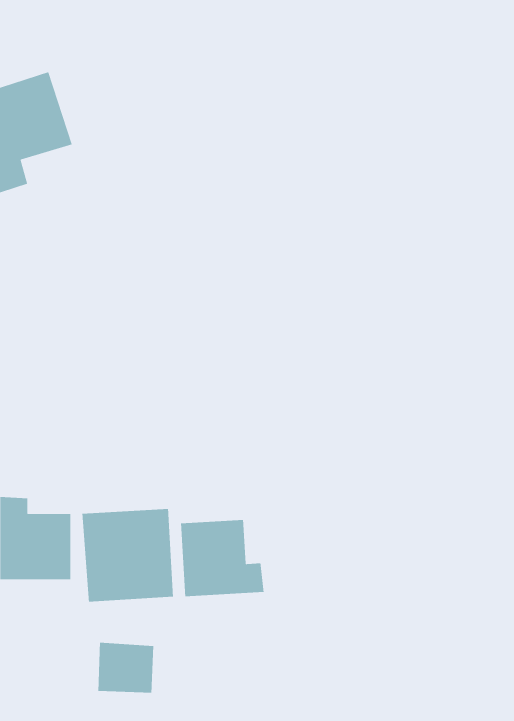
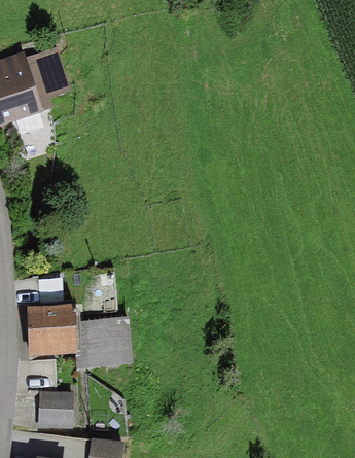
building: [180,519,264,597] -> none
building: [97,642,154,693] -> [36,392,70,423]

